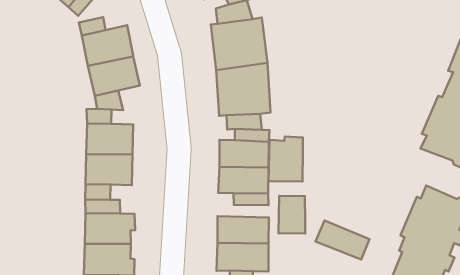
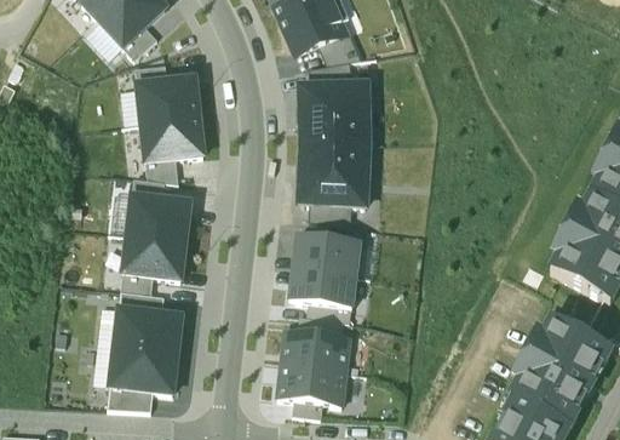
building: [268,136,303,181] -> none
building: [279,196,305,234] -> none
building: [316,220,370,259] -> none

